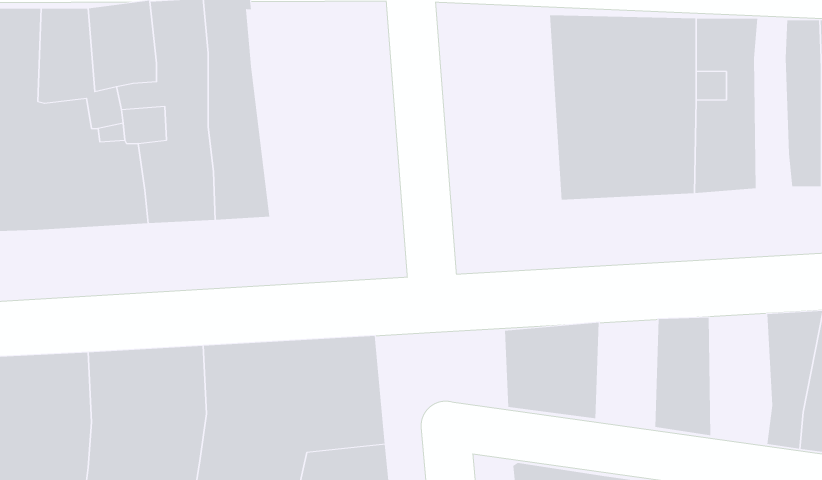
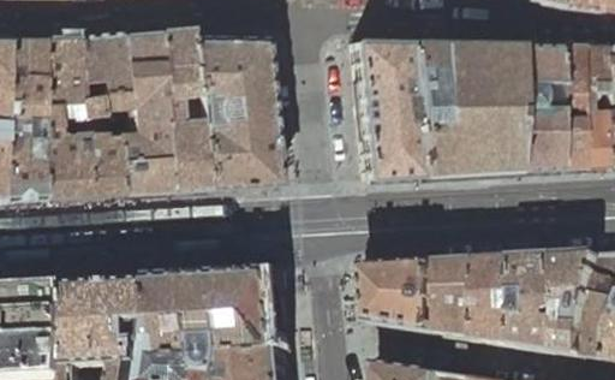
building: none -> [181,37,265,186]
building: none -> [342,40,407,178]
building: none -> [547,43,573,166]
building: none -> [514,256,559,350]
building: none -> [432,260,477,338]

